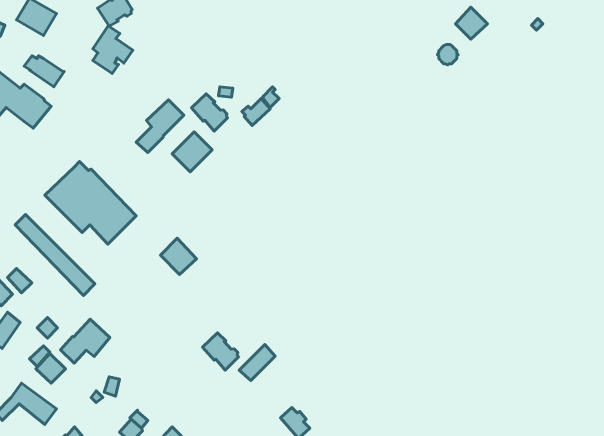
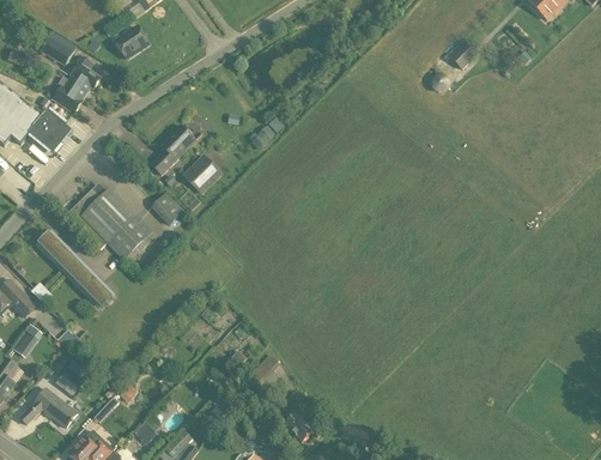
building: [93,26,133,73] -> [63,55,101,99]
building: [191,94,228,131] -> none
building: [160,238,196,274] -> [150,192,183,225]
building: [60,319,110,363] -> none
building: [202,333,238,370] -> none

